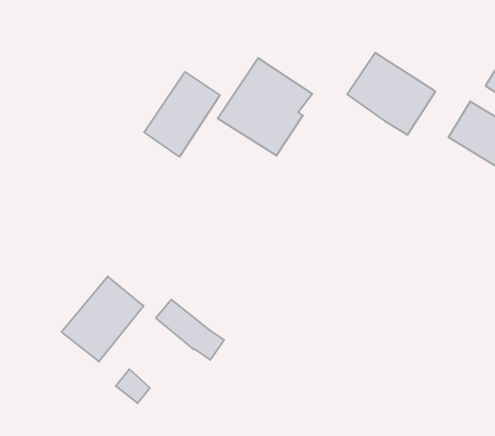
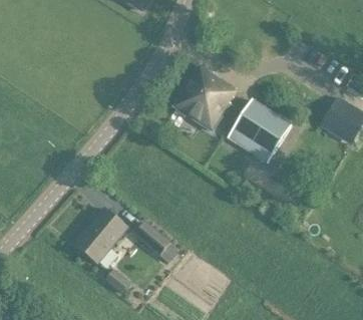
building: [347,53,435,135] -> [233,102,290,155]
building: [144,72,220,157] -> none

